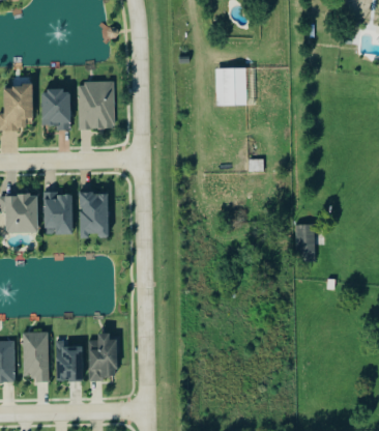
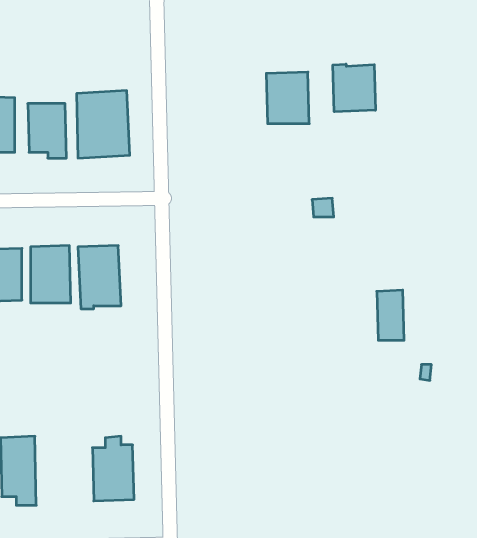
building: none -> [333,64,375,112]
building: [55,339,82,379] -> none

